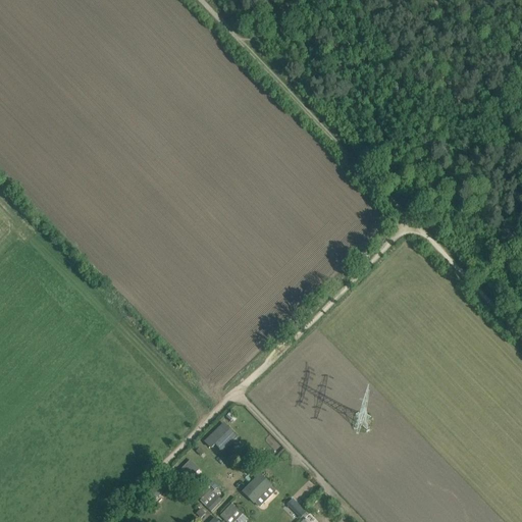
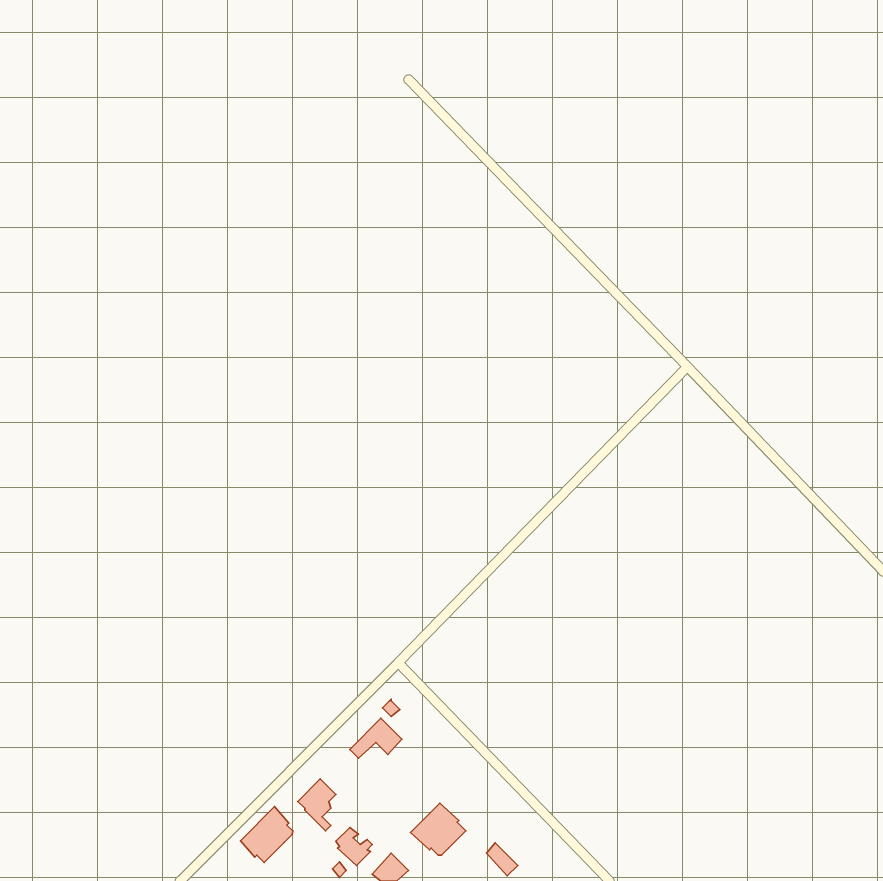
building: none -> [240,807,293,862]

